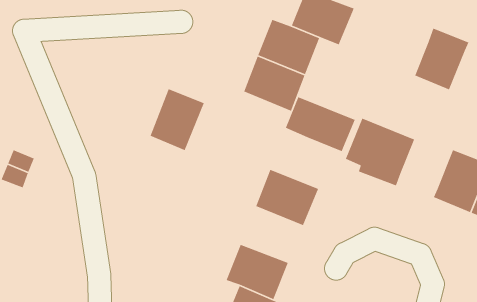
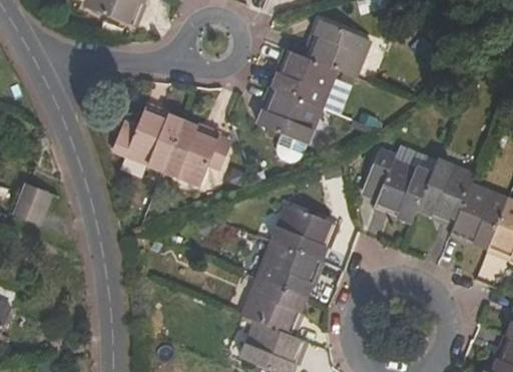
building: [414,28,469,91] -> [420,158,476,223]
building: none -> [113,105,183,169]
building: [285,96,356,152] -> none
building: none -> [256,241,321,298]

